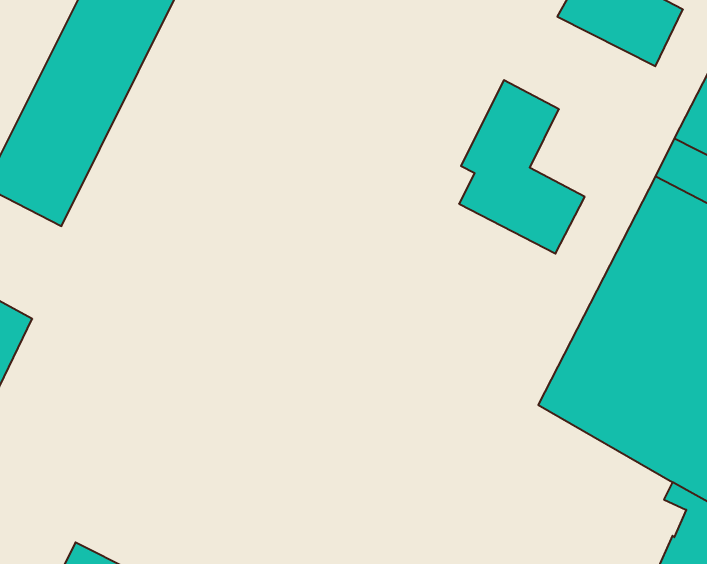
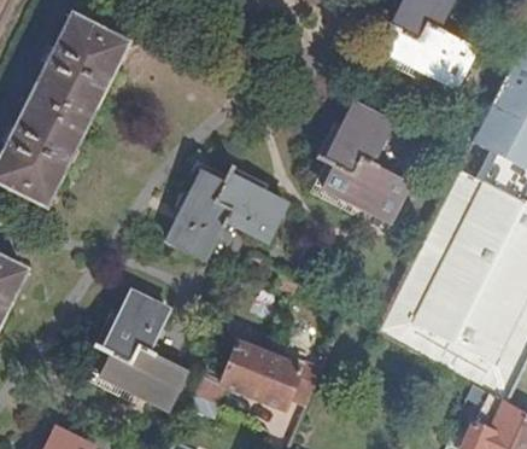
building: none -> [166,170,288,260]
building: none -> [103,290,188,410]
building: none -> [195,334,323,409]

